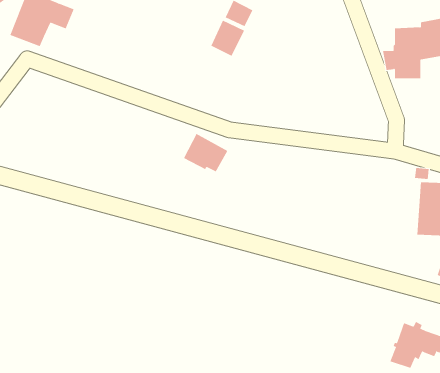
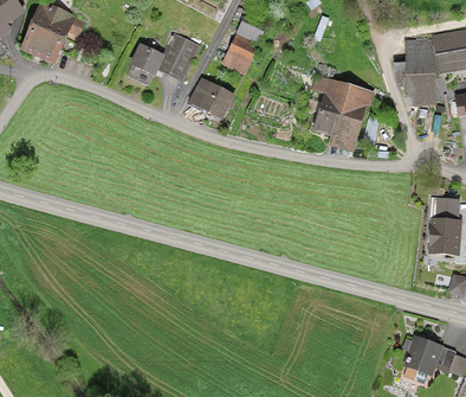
building: none -> [131,33,198,75]
building: none -> [308,77,373,148]
building: [183,133,228,172] -> [187,78,232,117]

